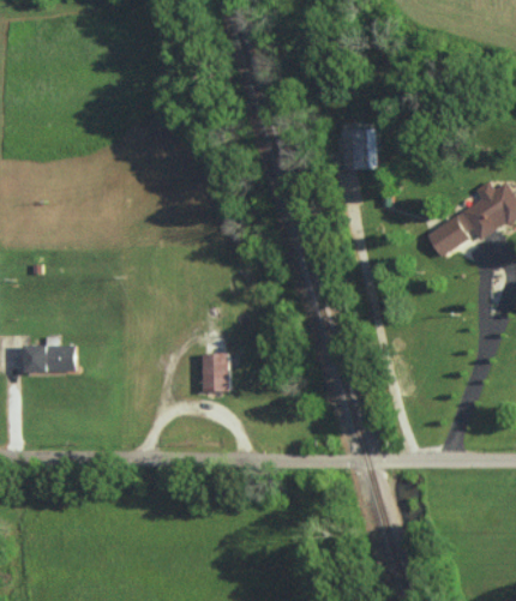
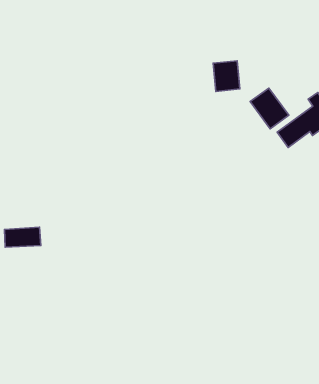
building: none -> [250,88,289,129]
building: [202,353,229,391] -> none

